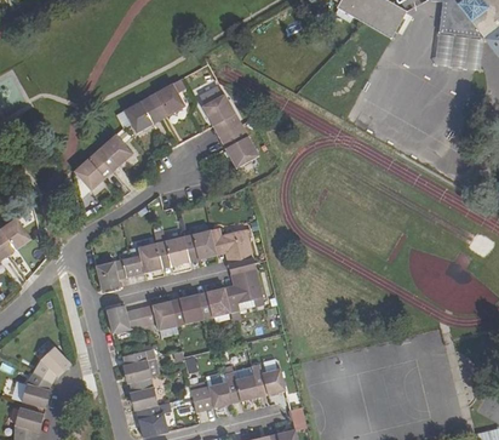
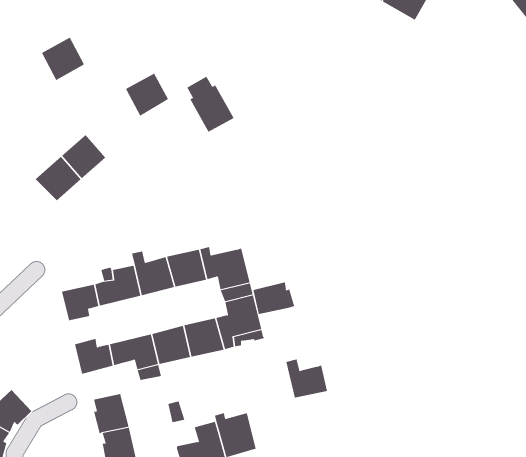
building: [125,96,161,132] -> [41,37,85,81]
building: [220,127,259,167] -> none
building: none -> [253,281,295,315]
building: [251,362,286,395] -> [286,359,328,398]

